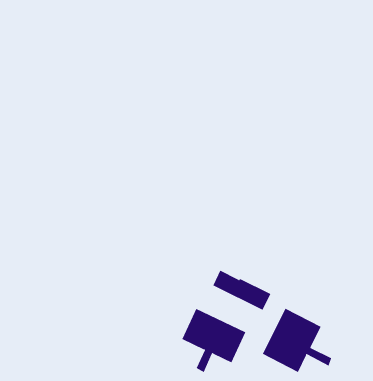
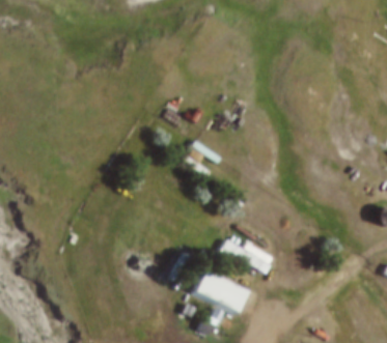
building: [262,308,332,373] -> none

